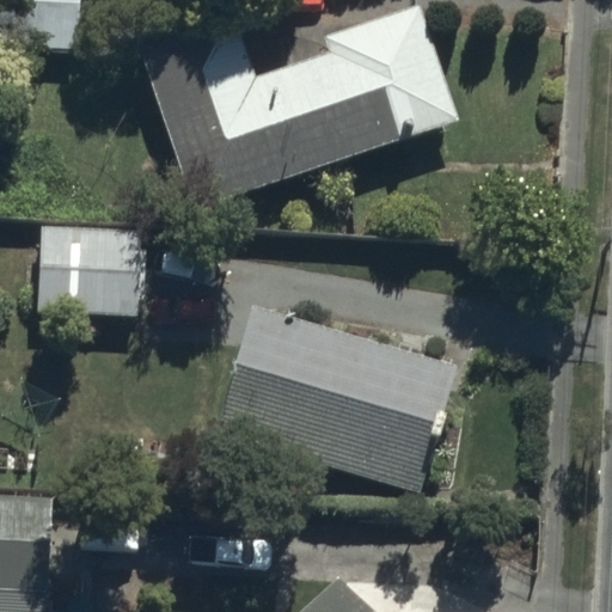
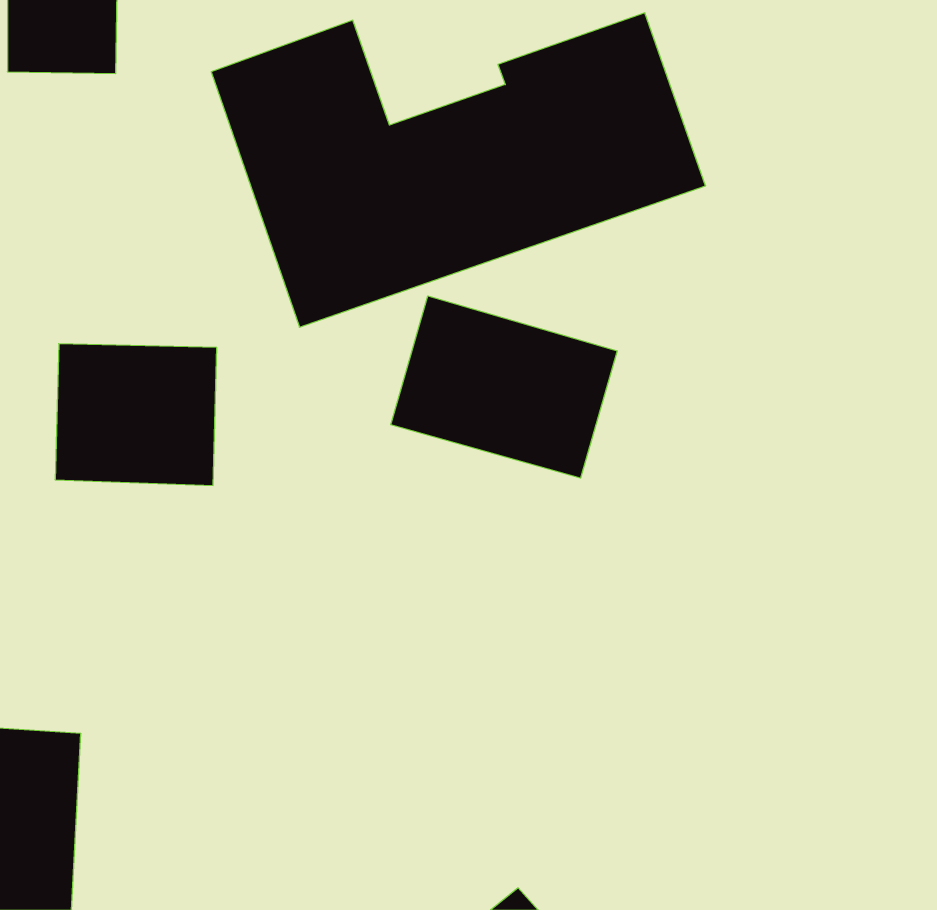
building: none -> [391,296,617,478]
building: [215,311,455,492] -> none

